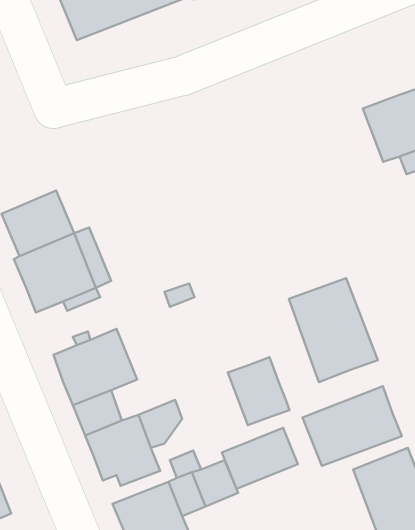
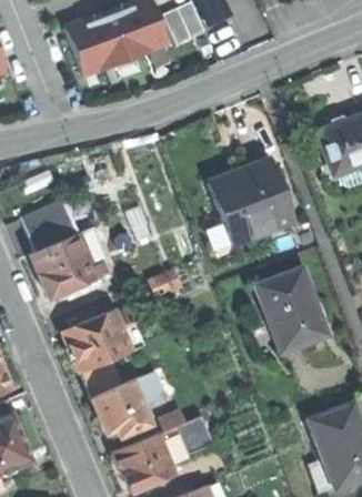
building: none -> [210,160,294,243]
building: [228,357,290,425] -> none
building: [302,386,402,466] -> none
building: [222,428,298,489] -> none

